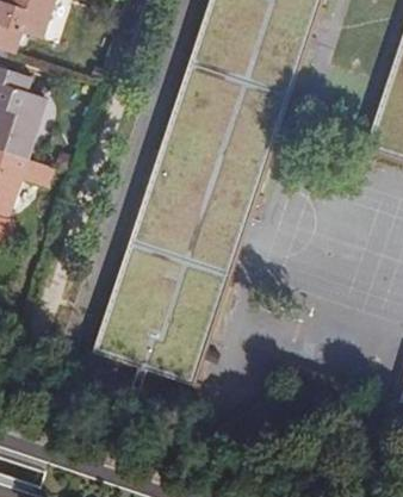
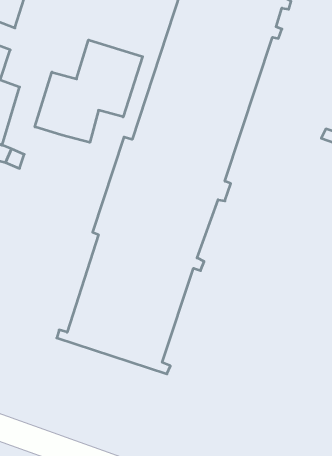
building: none -> [35,40,143,142]

